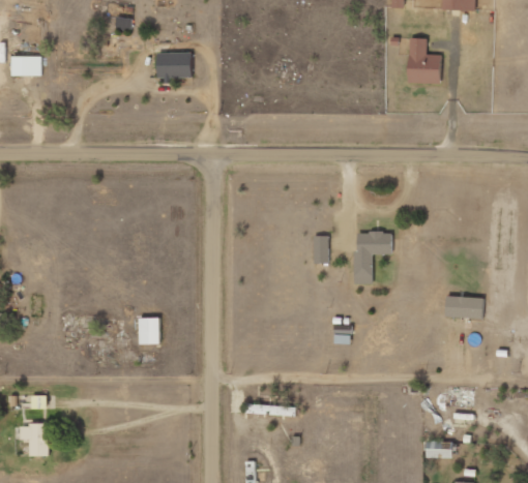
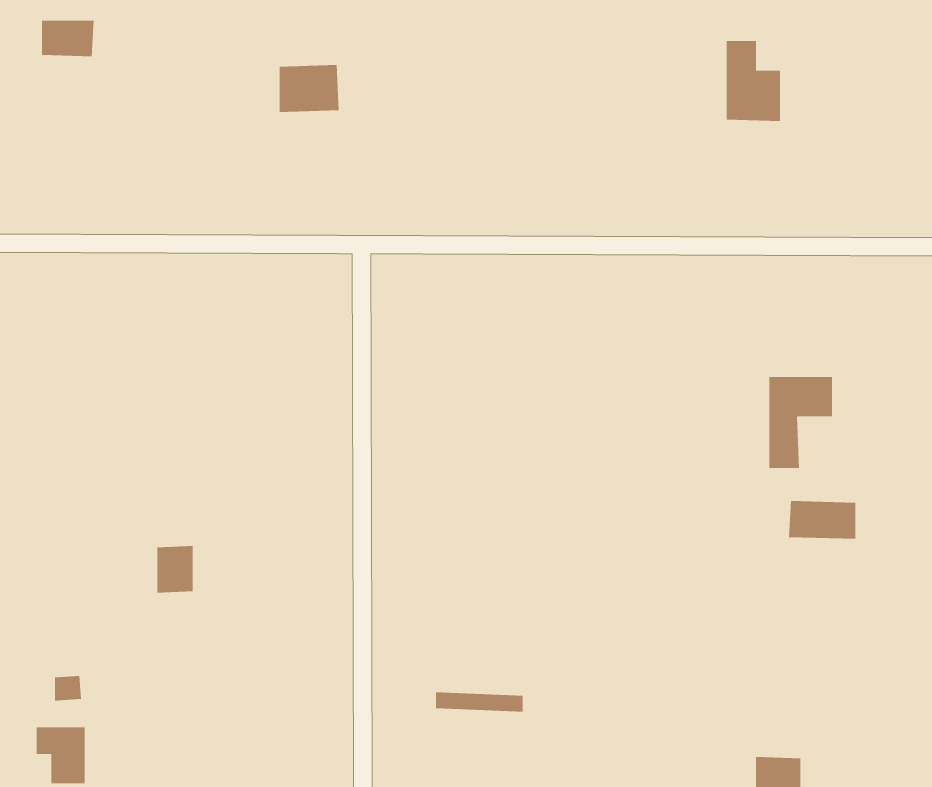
building: [11,56,41,77] -> [41,20,94,57]
building: [355,232,391,283] -> [769,376,833,468]
building: [313,236,328,263] -> none
building: [139,318,159,344] -> [157,545,193,593]

